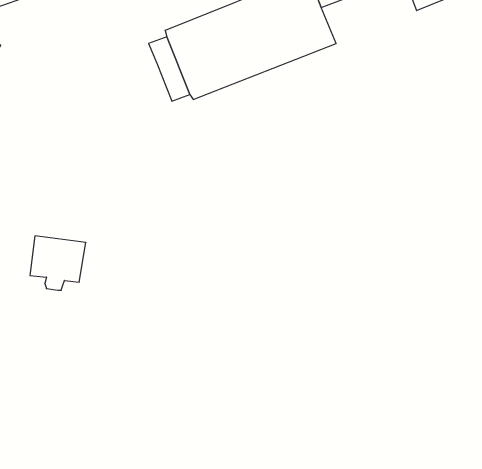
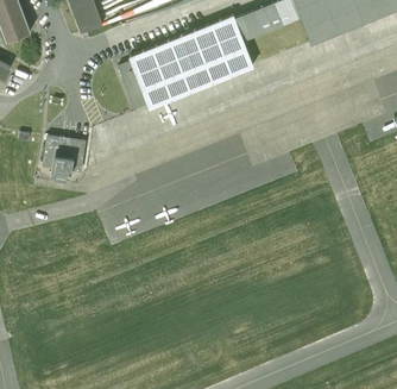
building: [30,236,86,290] -> [44,138,84,177]

